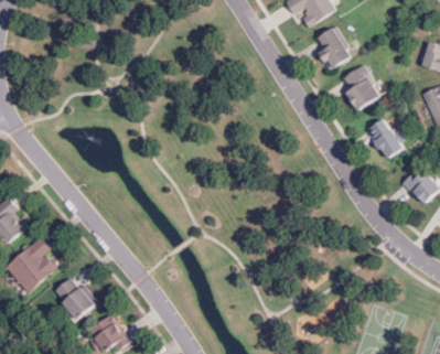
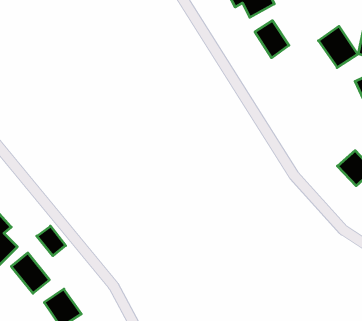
building: [339,64,380,108] -> [318,26,358,68]
building: [367,117,403,158] -> none
building: none -> [37,226,66,256]

